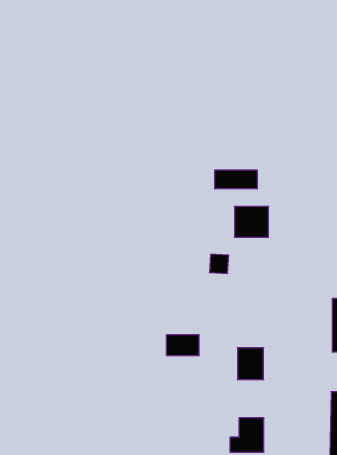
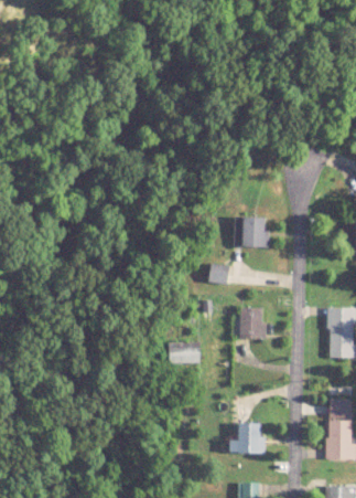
building: [215,170,257,189] -> none
building: [237,348,264,380] -> [239,307,265,338]

